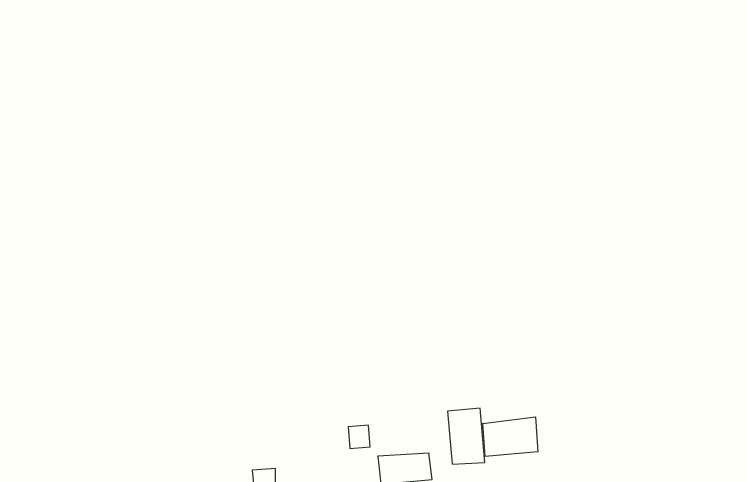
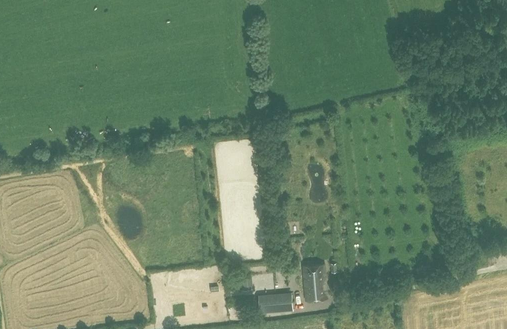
building: [483,417,538,456] -> none

